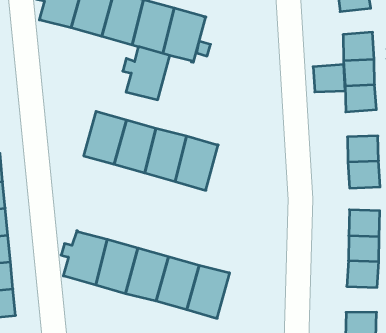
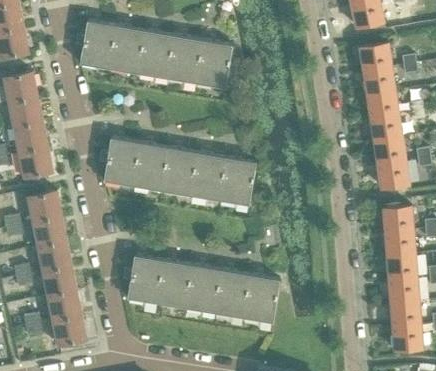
building: [123,47,170,100] -> [98,138,140,185]
building: [313,65,345,92] -> [370,114,402,142]
building: none -> [388,278,418,304]

